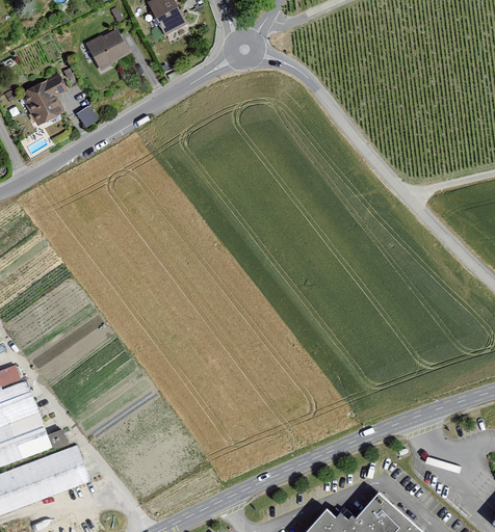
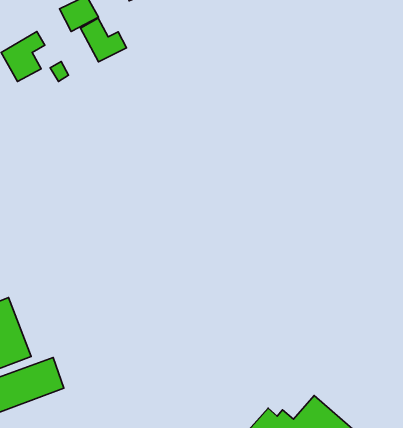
building: none -> [81,18,126,62]

